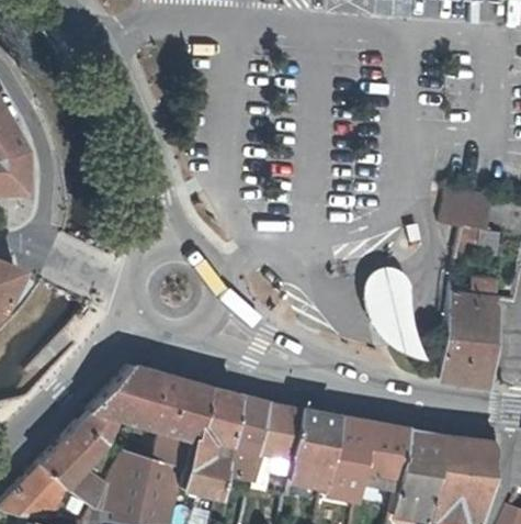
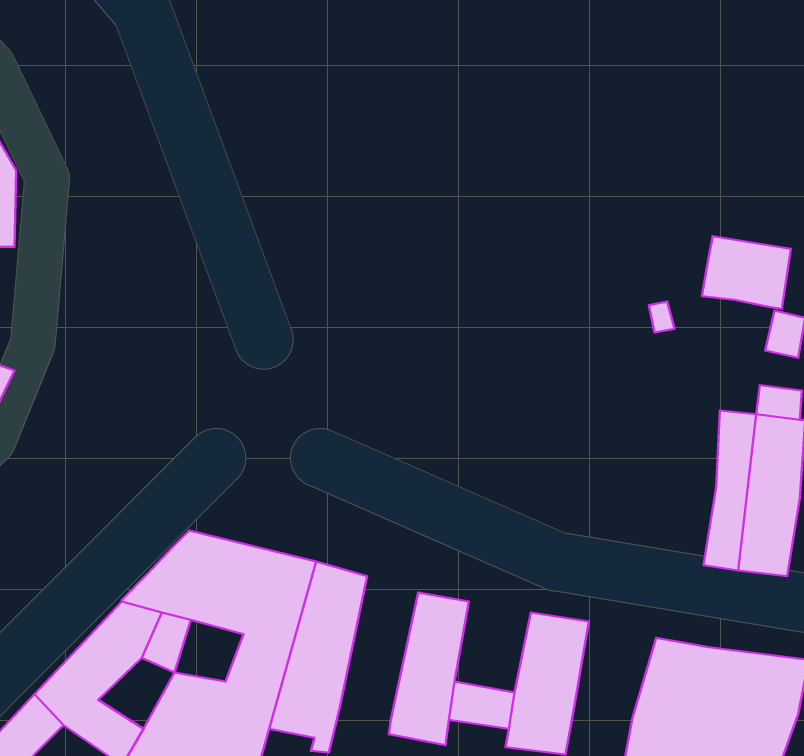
building: [362,266,427,359] -> none
building: [222,392,269,479] -> none
building: [291,408,337,462] -> none
building: [363,420,412,480] -> none
building: [76,442,122,484] -> none

